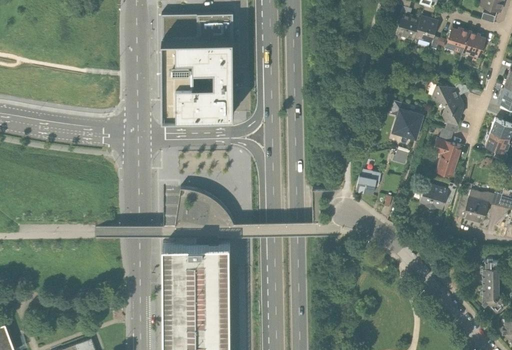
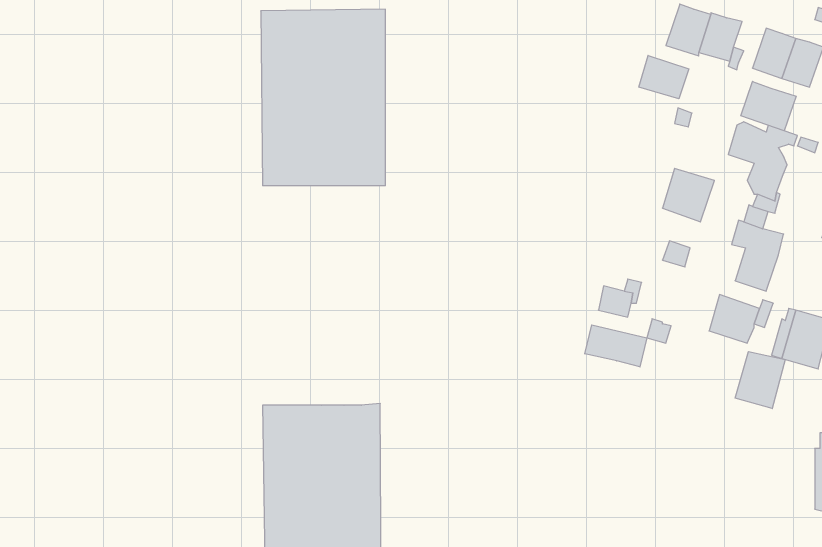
building: none -> [639,55,689,99]
building: none -> [741,81,796,131]
building: none -> [585,325,647,367]
building: none -> [735,352,785,409]

